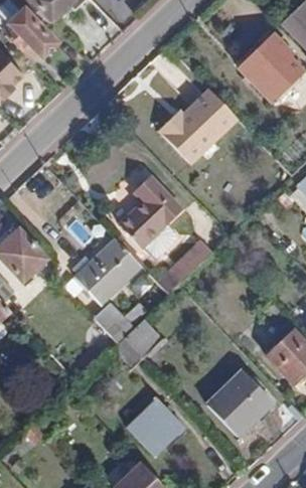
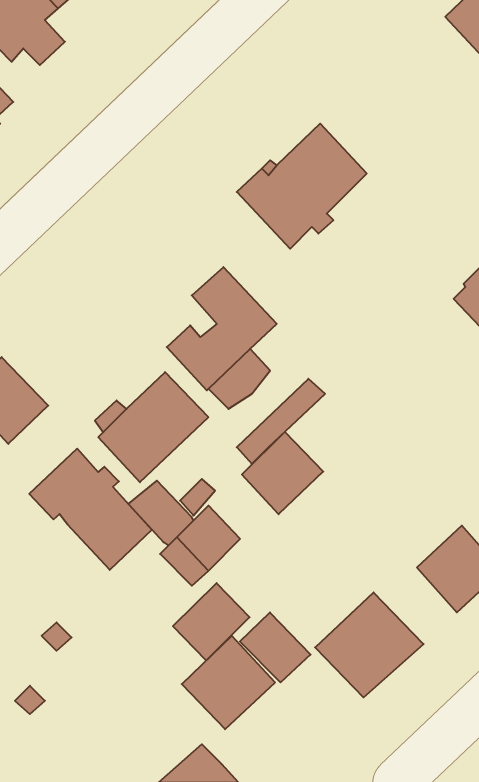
building: [239,33,301,101] -> none
building: none -> [242,432,323,514]
building: none -> [29,449,152,570]
building: none -> [173,583,250,661]
building: none -> [240,612,311,682]

